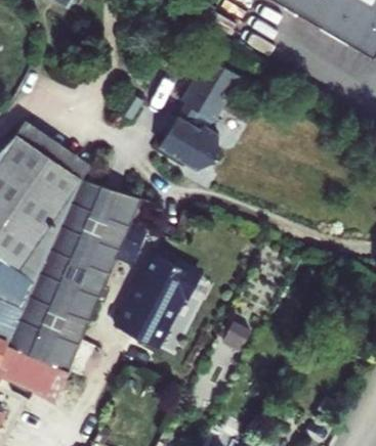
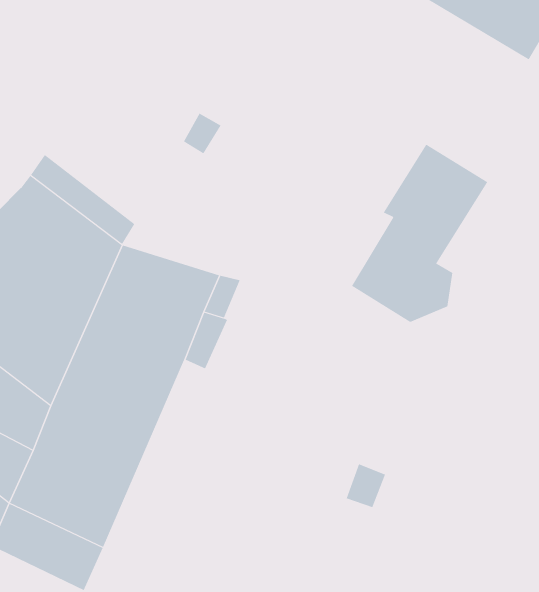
building: [163,50,251,165] -> [351,144,488,322]
building: [114,252,199,347] -> none

